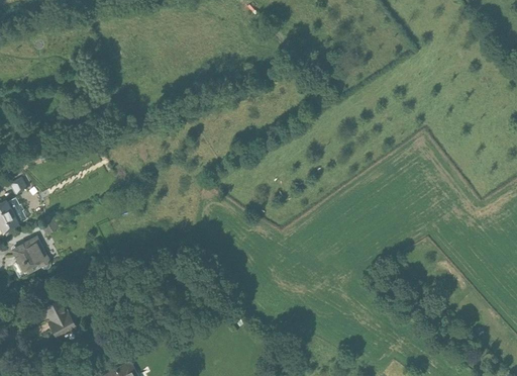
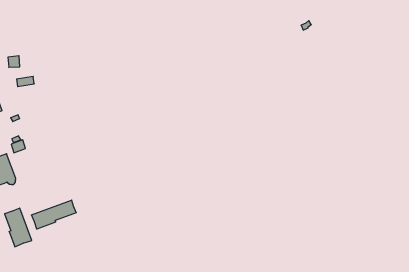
building: none -> [31,200,76,229]

